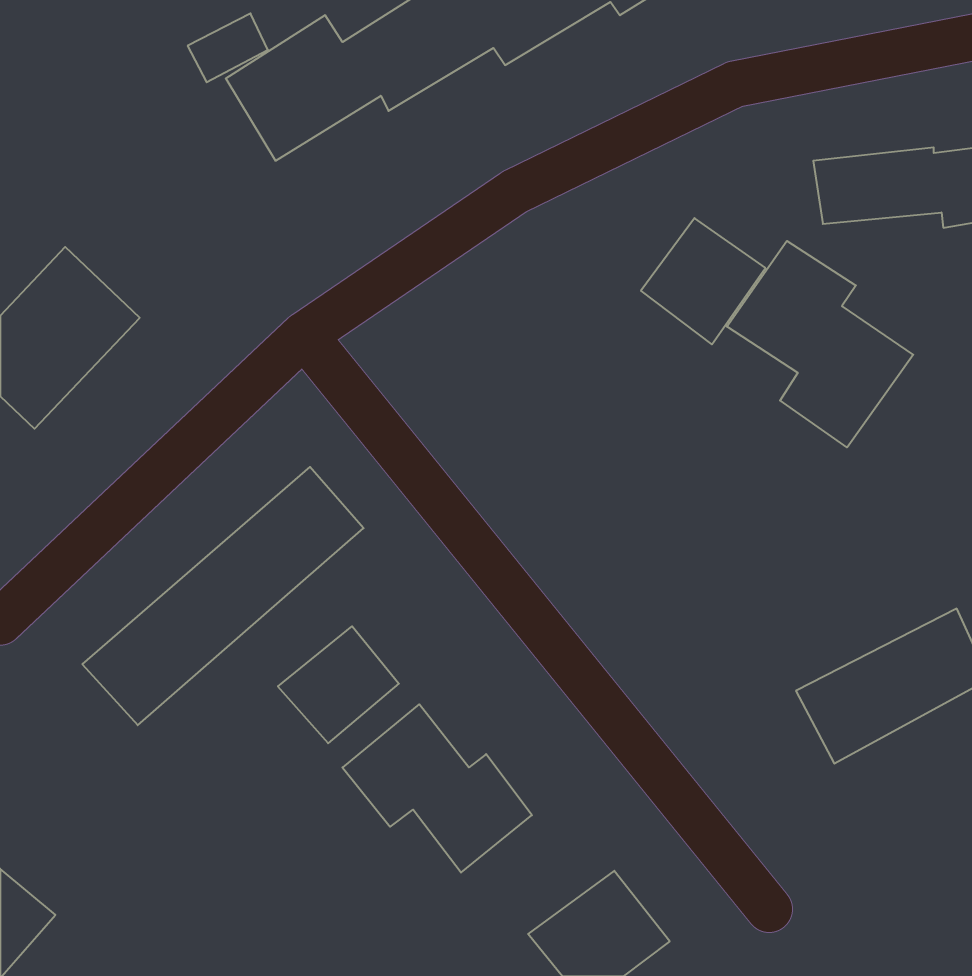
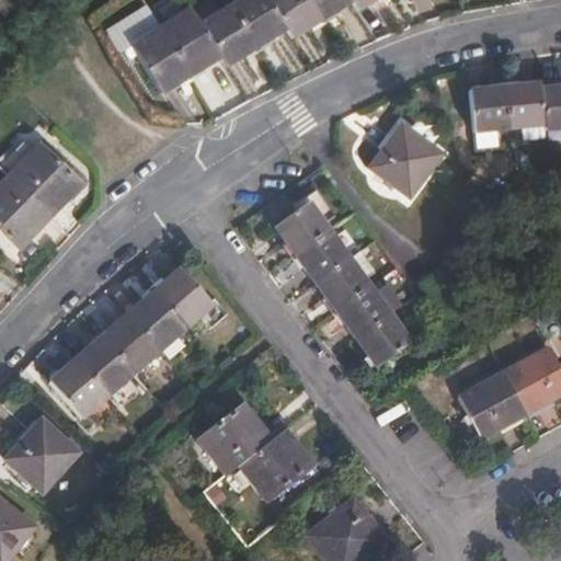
building: [727,241,913,447] -> none
building: none -> [275,202,409,366]
building: [278,626,399,743] -> none
building: none -> [8,416,78,486]

